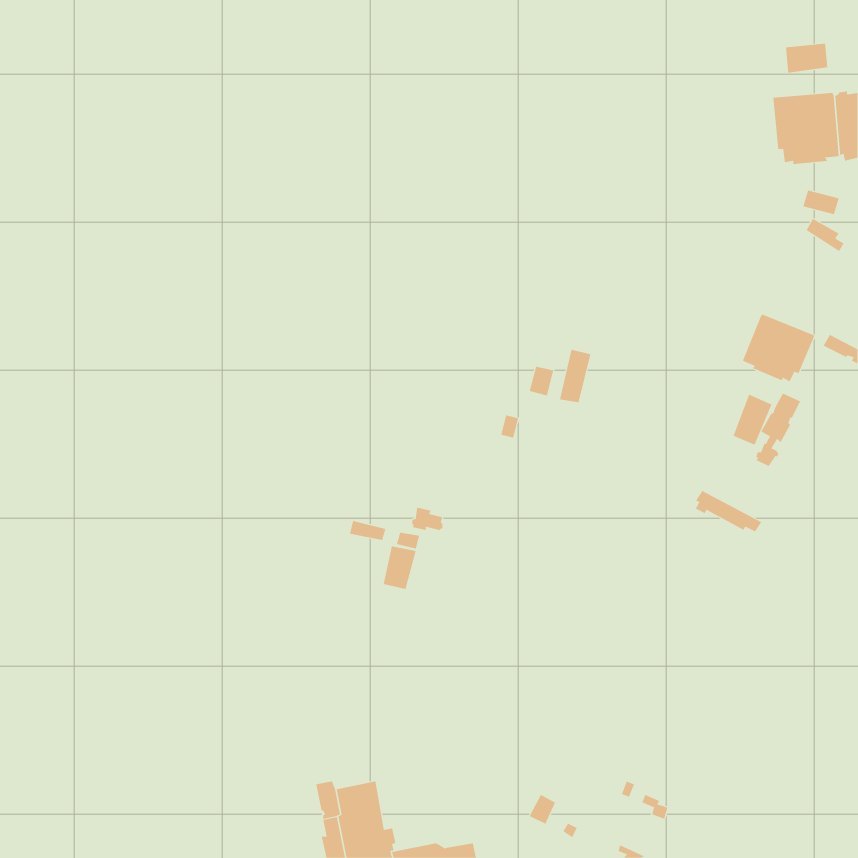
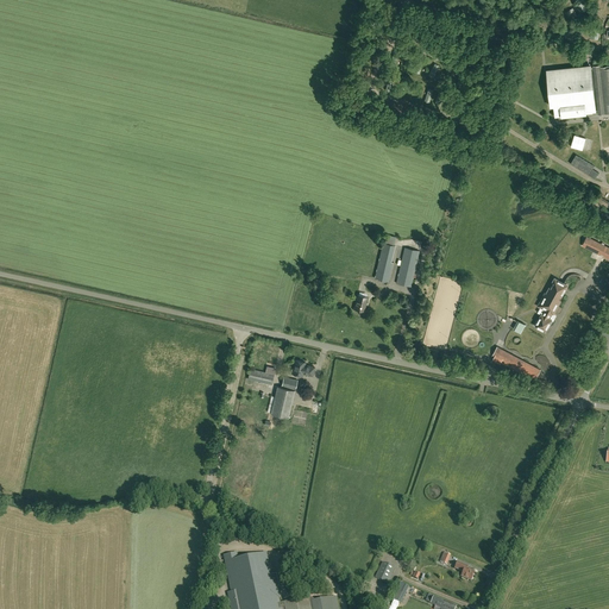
building: [786,43,828,73] -> none
building: [741,314,815,382] -> none
building: [733,394,772,445] -> none

